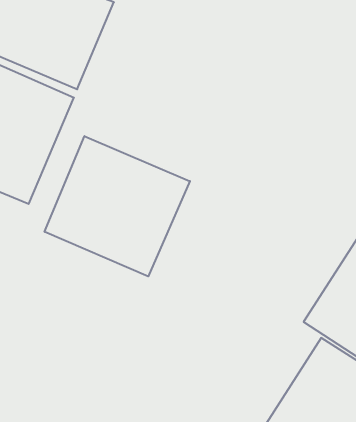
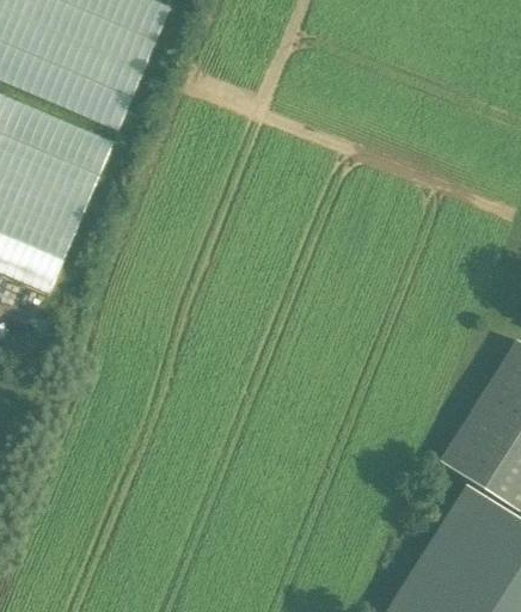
building: [45,136,190,276] -> none

